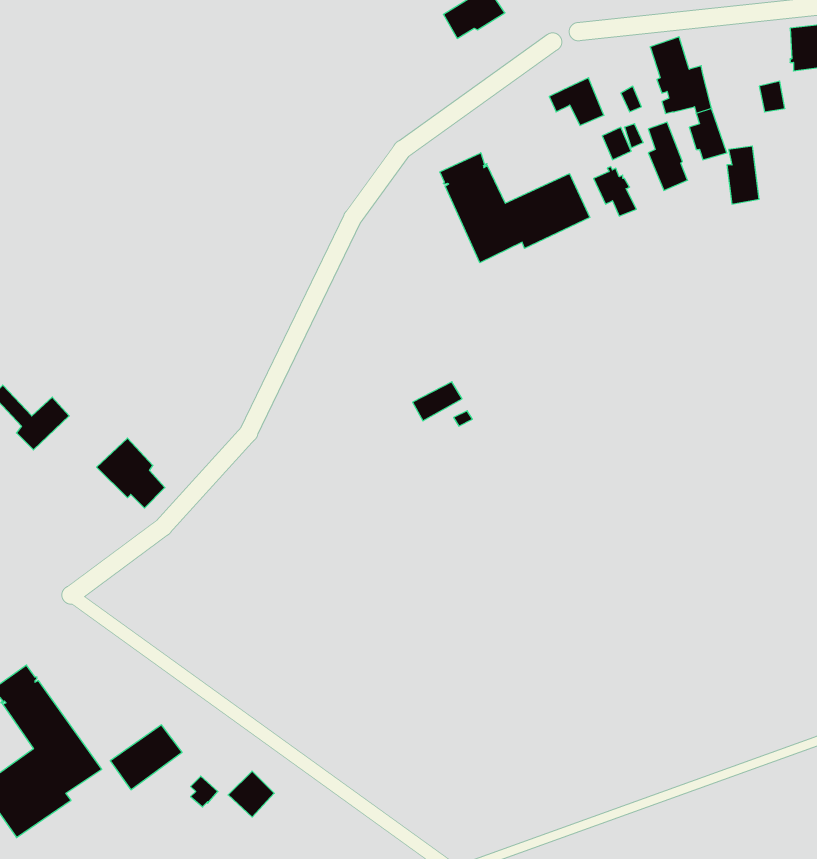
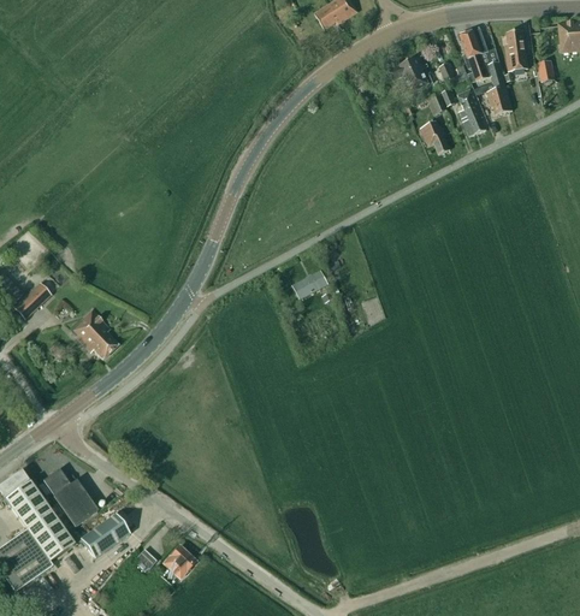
building: [727,146,759,204] -> [504,30,527,71]
building: [440,153,590,263] -> none
building: none -> [42,469,96,526]

